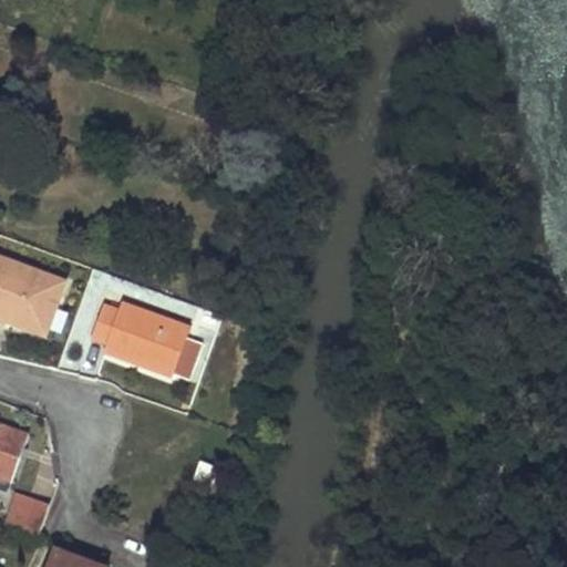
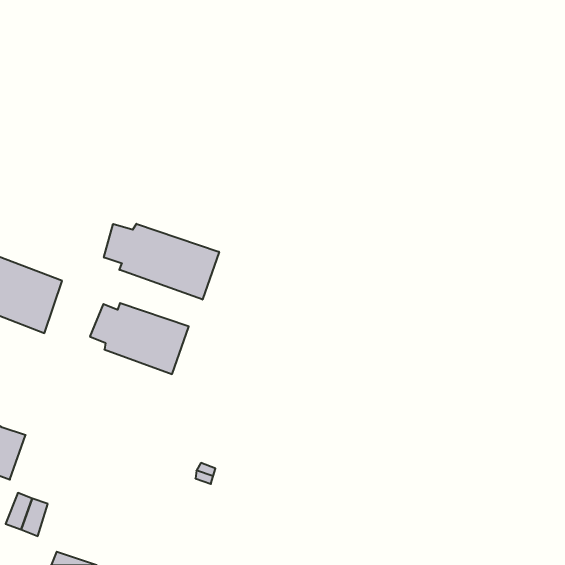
building: none -> [104,224,219,300]

